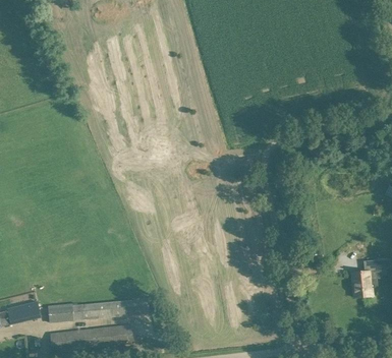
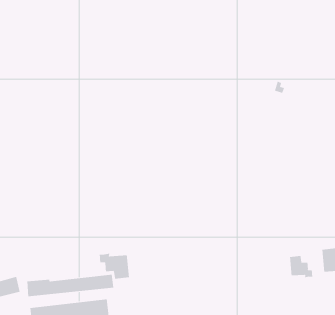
building: none -> [99,253,129,280]
building: none -> [289,255,313,278]

